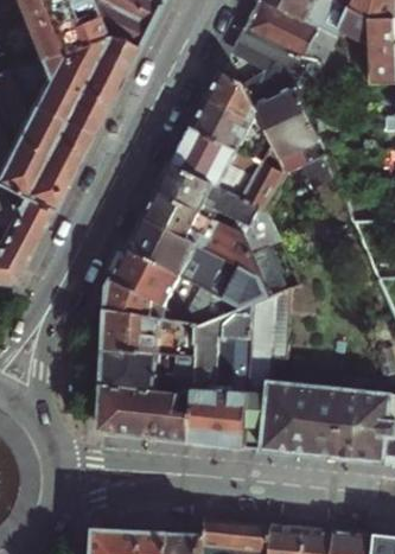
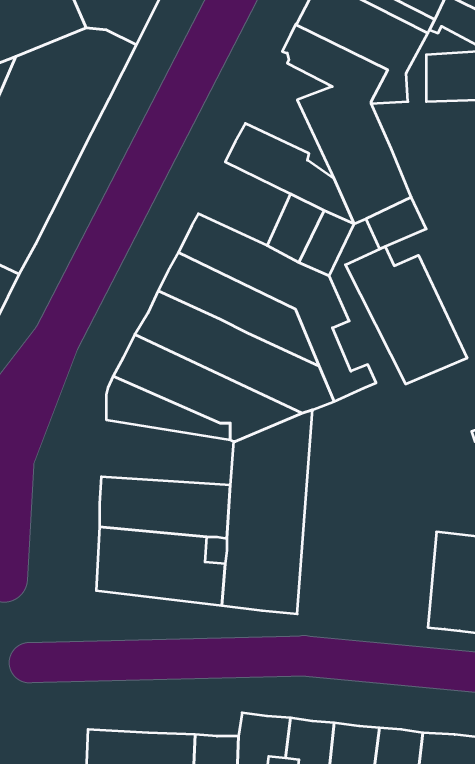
building: [208,71,270,139] -> none
building: [174,127,240,186] -> none
building: none -> [345,246,467,384]
building: [244,287,343,457] -> none
building: [106,310,199,356] -> none

